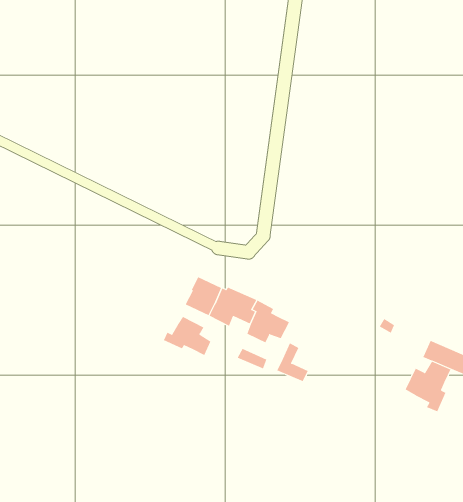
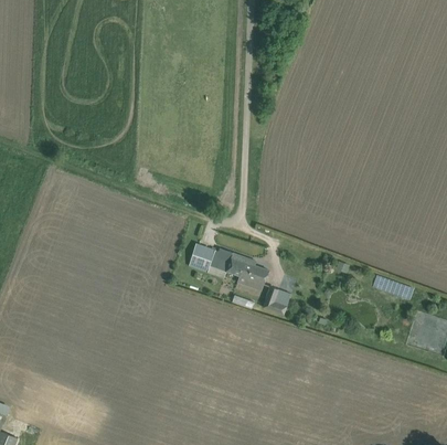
building: [163,316,211,356] -> none
building: [405,361,451,412] -> none

